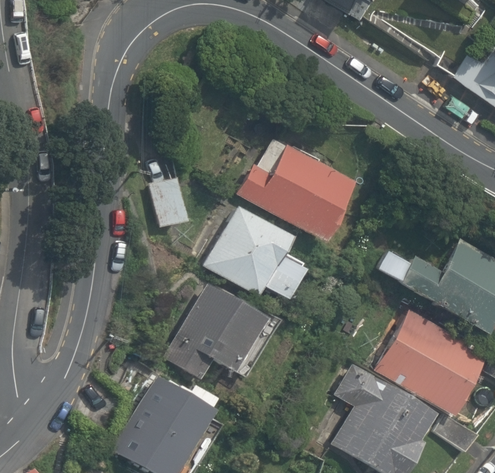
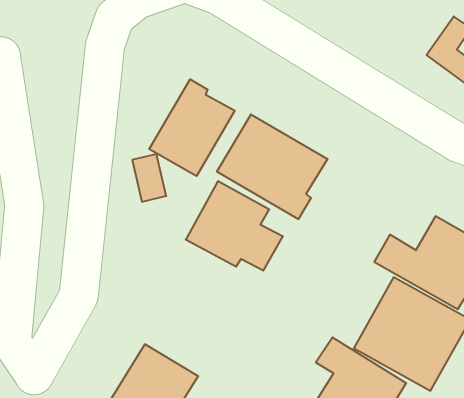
building: none -> [149,79,235,176]
building: [168,284,278,394] -> none

